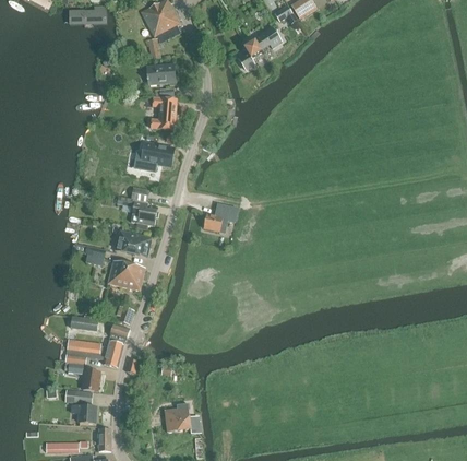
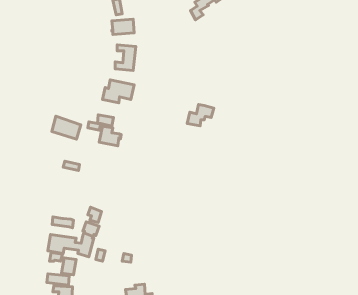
building: [203,204,237,232] -> [187,105,214,126]
building: [113,230,151,260] -> [52,116,81,139]
building: [107,260,144,291] -> none

